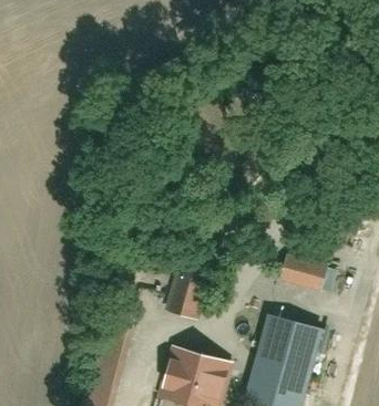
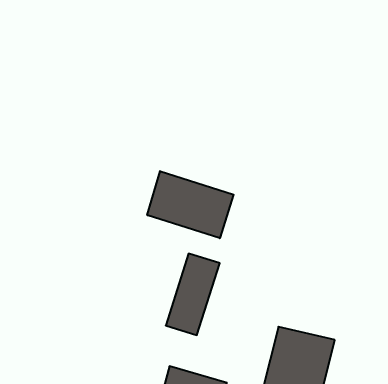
building: none -> [147,171,234,238]
building: [280,249,330,294] -> none

